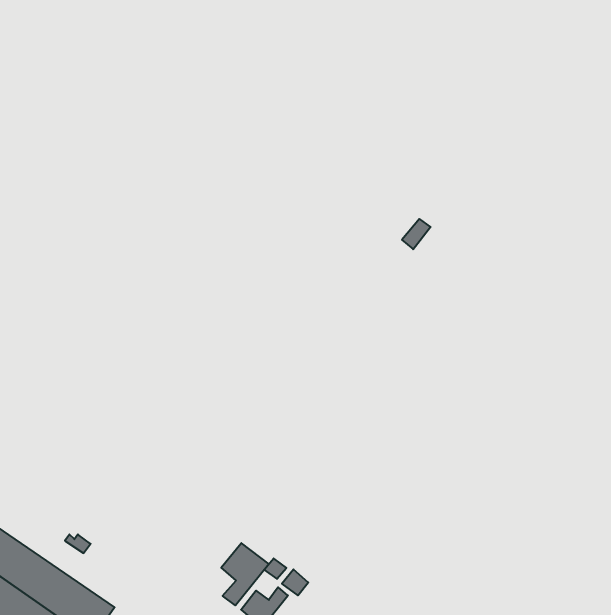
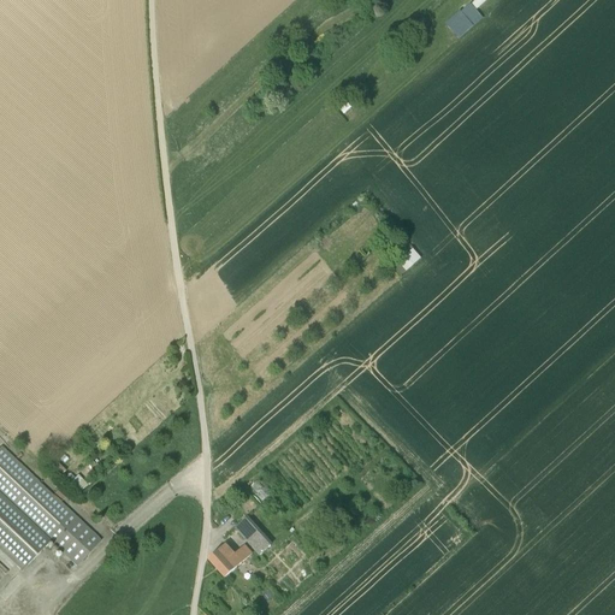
building: [221,543,269,605] -> none

